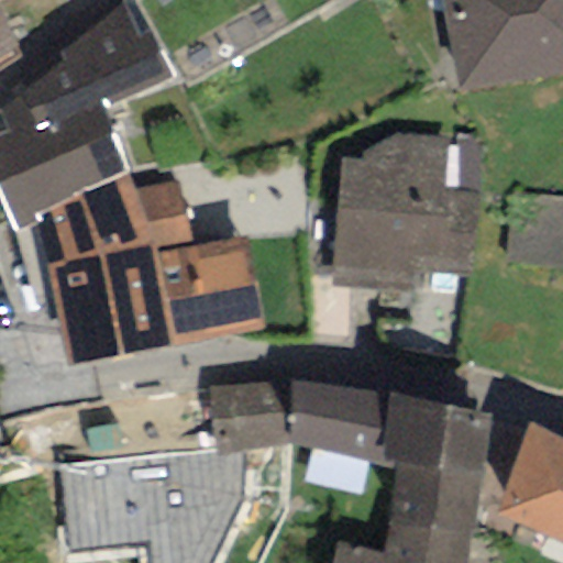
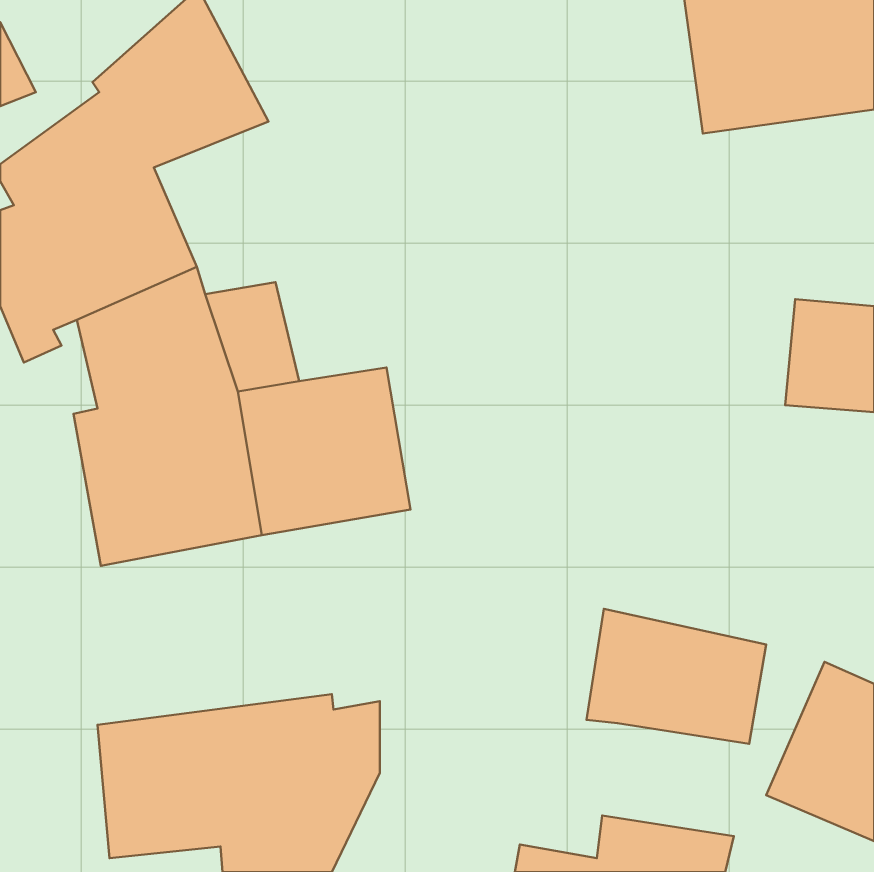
building: [329,132,482,289] -> none
building: [208,380,388,463] -> none
building: [387,465,482,538] -> none

